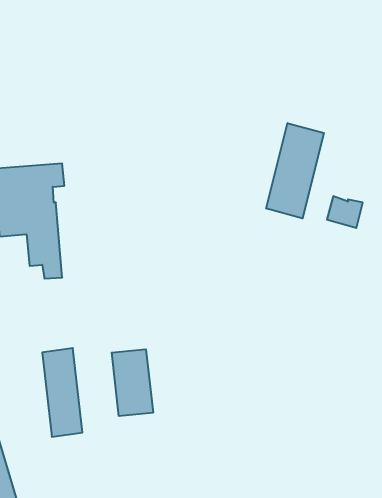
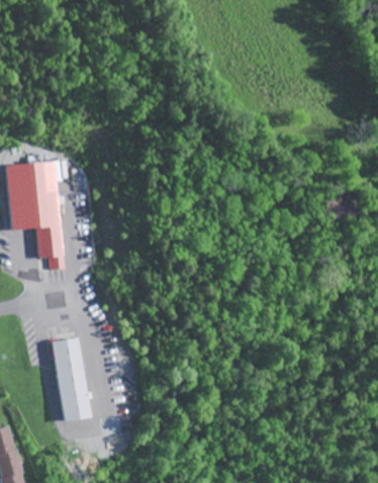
building: [266,123,324,218] -> none
building: [112,349,153,416] -> none

